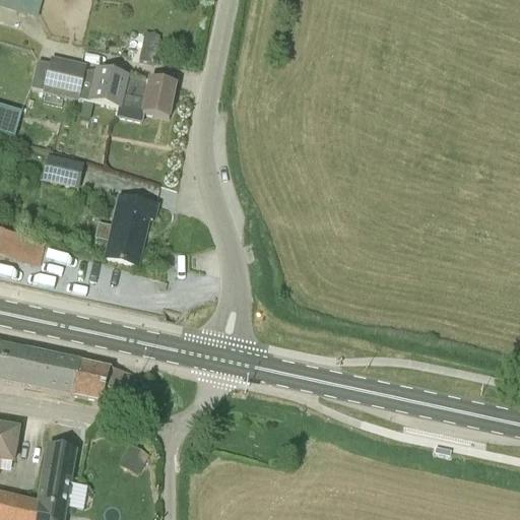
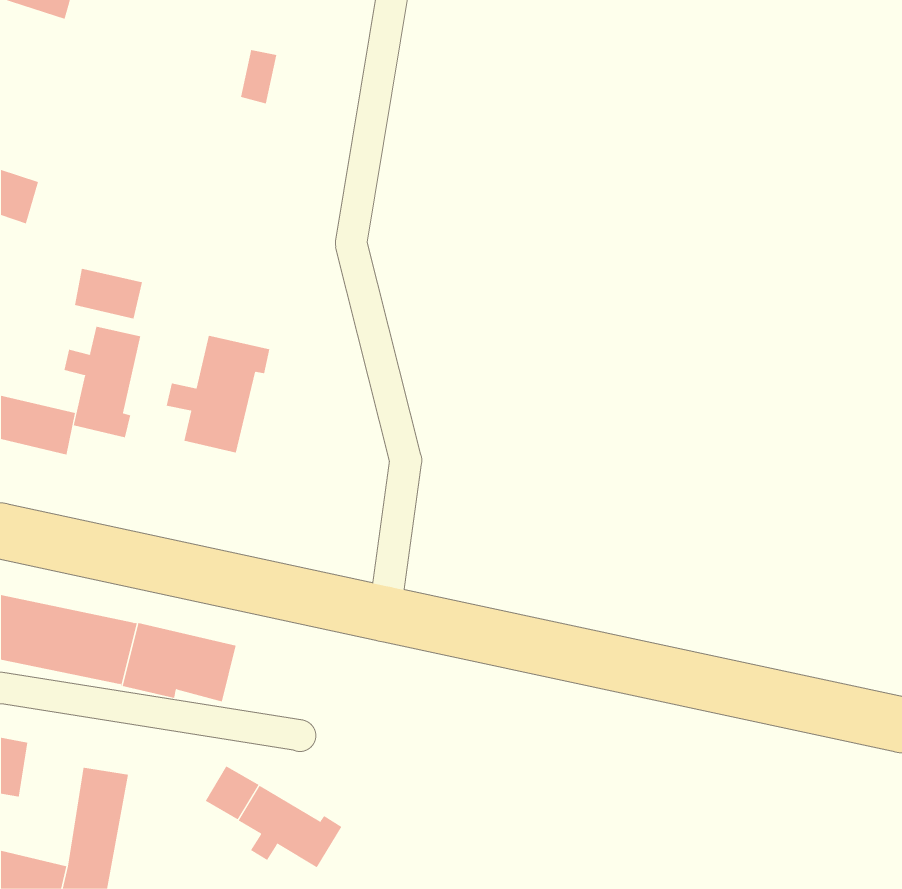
building: [43,60,84,95] -> none
building: [90,65,175,119] -> none
building: none -> [64,326,141,438]
building: none -> [238,785,342,868]

